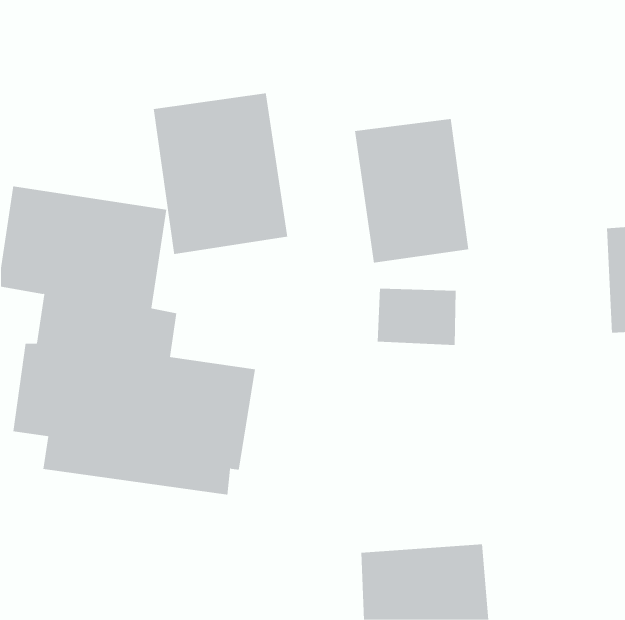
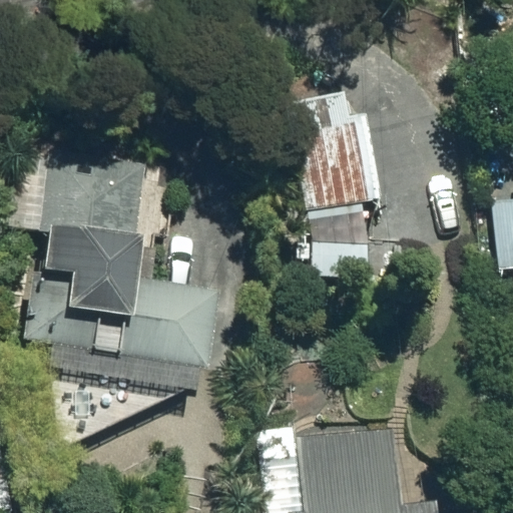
building: [153,93,288,255] -> none

